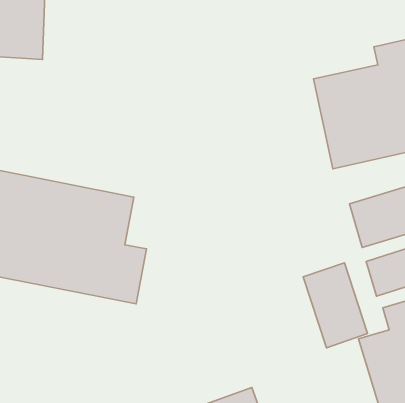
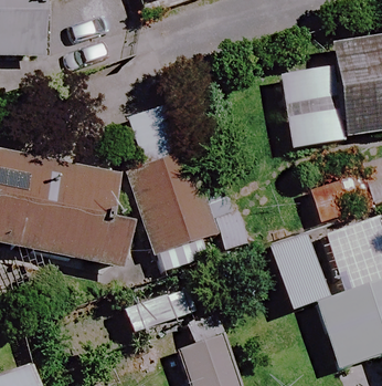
building: none -> [123,102,216,252]

